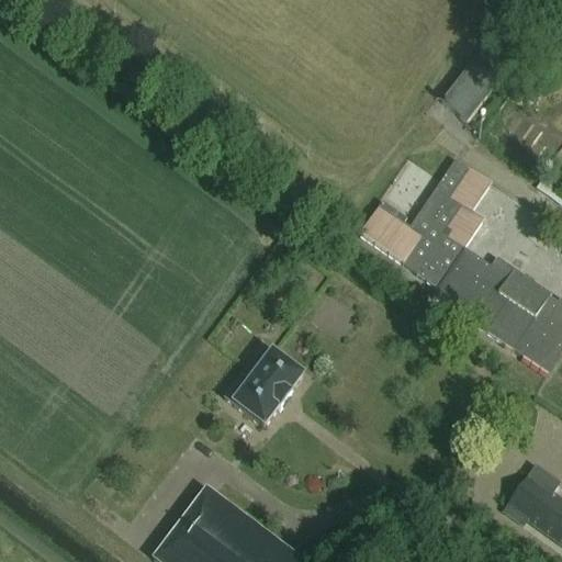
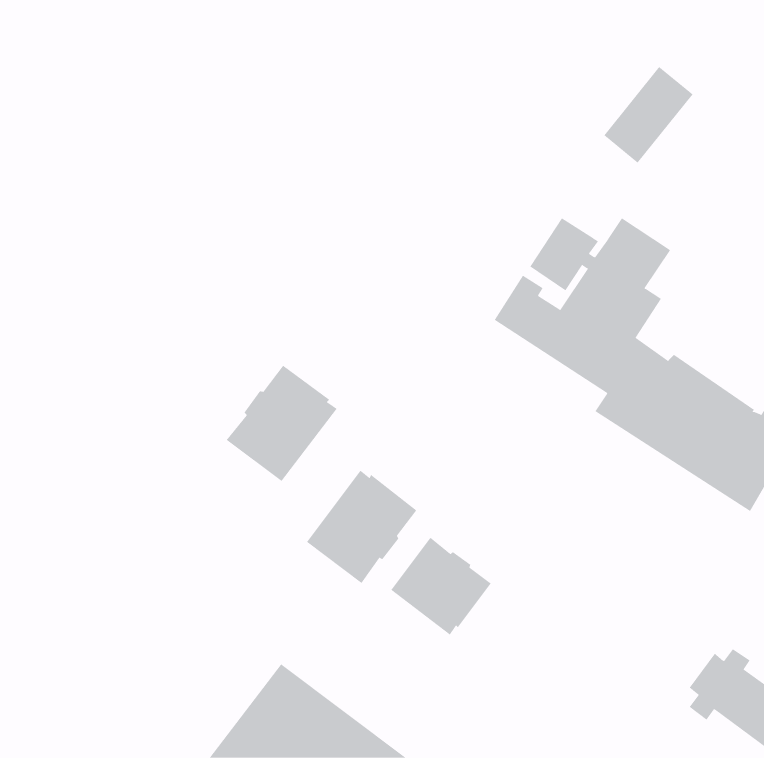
building: none -> [226,365,337,482]
building: none -> [390,537,491,635]

